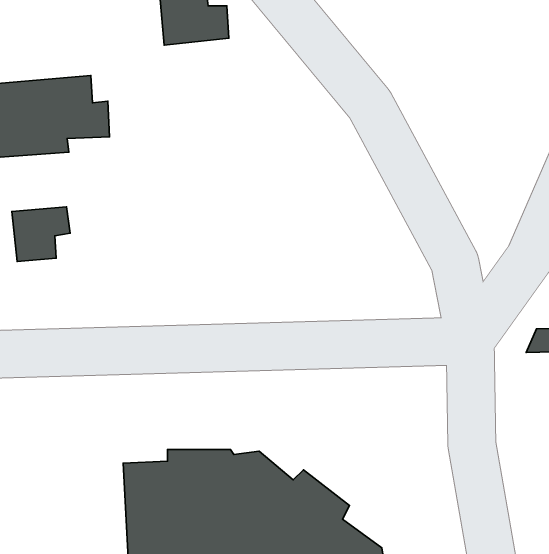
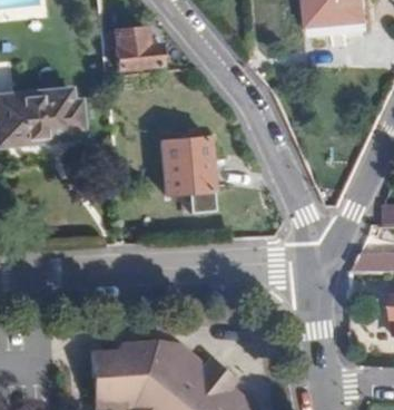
building: none -> [159,143,210,197]
building: [12,207,70,261] -> none

